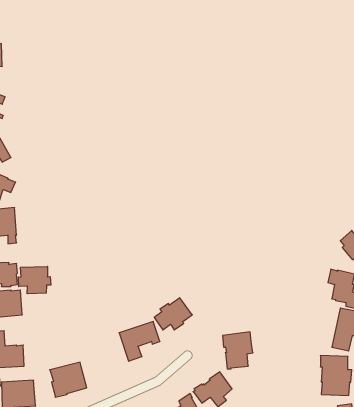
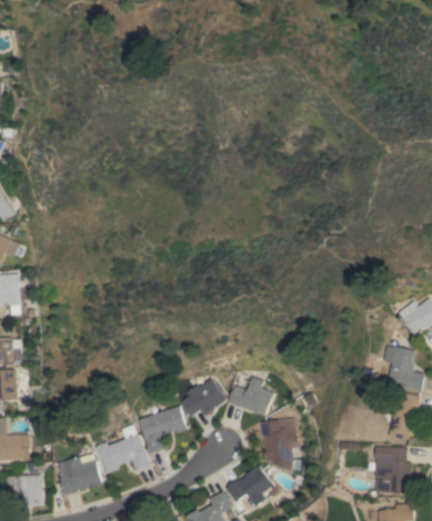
building: [18,266,51,294] -> none
building: none -> [228,377,273,416]
building: none -> [97,425,152,474]

